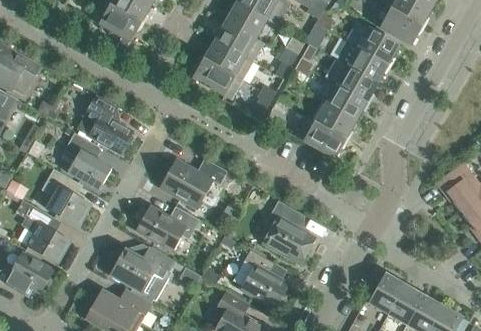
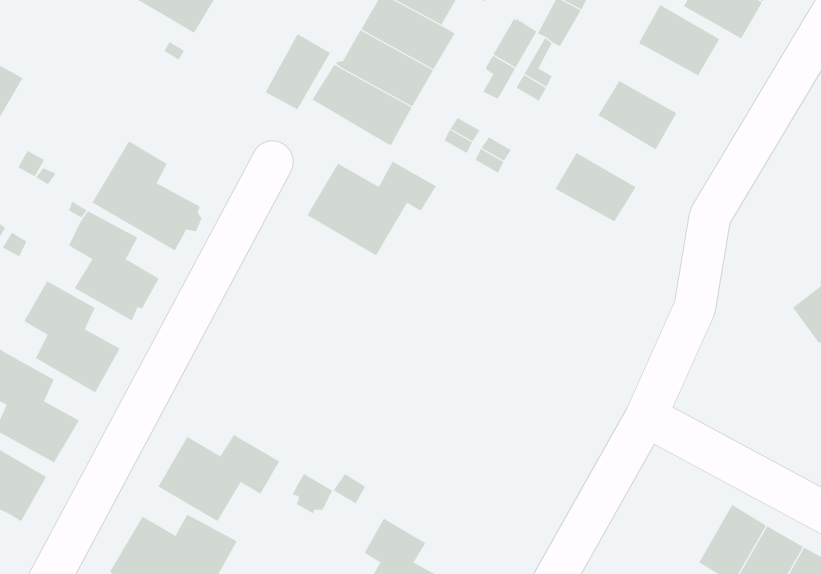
building: none -> [265,33,331,110]
building: [338,41,388,82] -> none
building: [316,78,366,120] -> none
building: [295,116,345,158] -> none
building: [160,158,227,207] -> [306,161,437,256]
building: [263,200,314,263] -> none
building: [136,205,199,250] -> none
building: [233,248,288,307] -> none
building: [368,272,405,313] -> none

